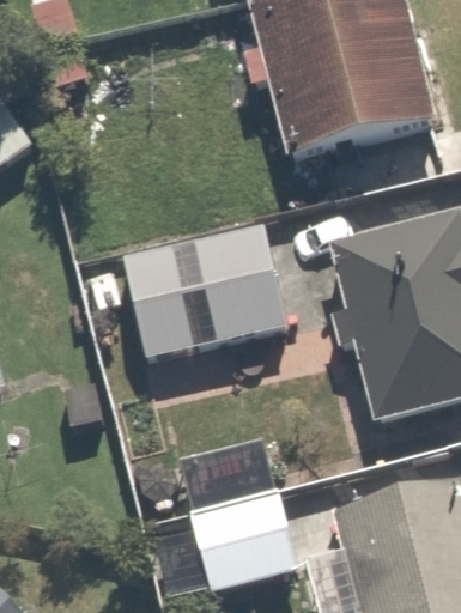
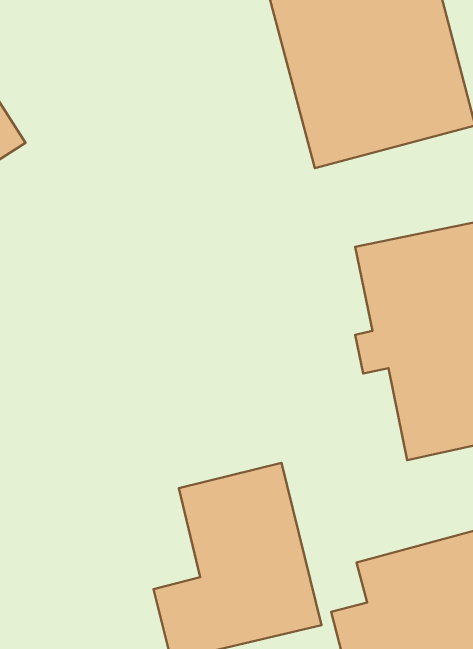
building: [114,218,292,368] -> none

